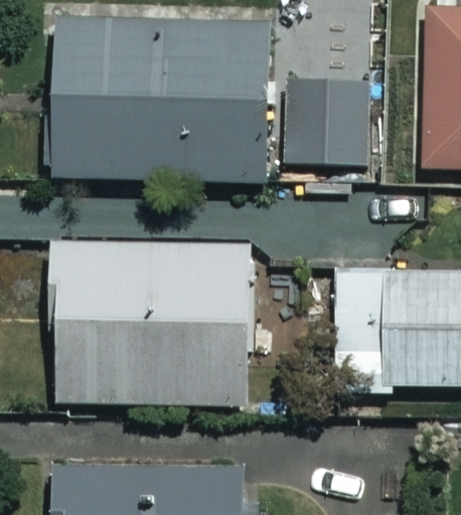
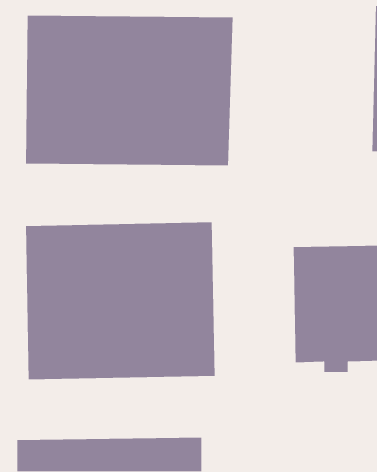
building: [282,82,371,164] -> none

